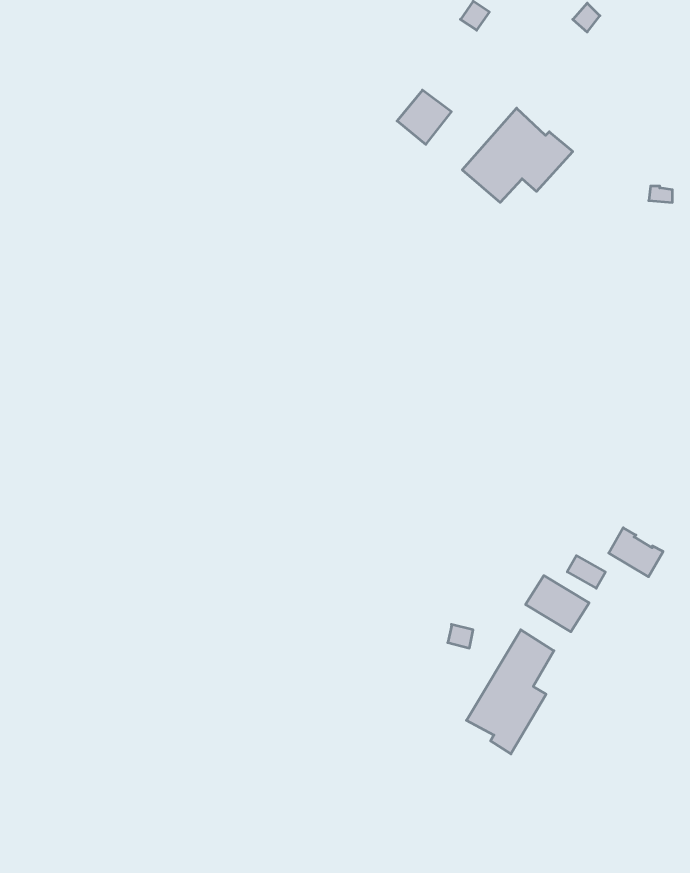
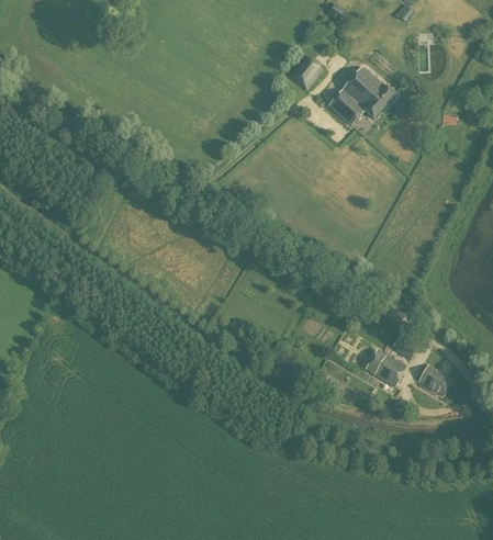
building: [609,528,663,577] -> [421,364,453,394]
building: [466,630,554,754] -> none

